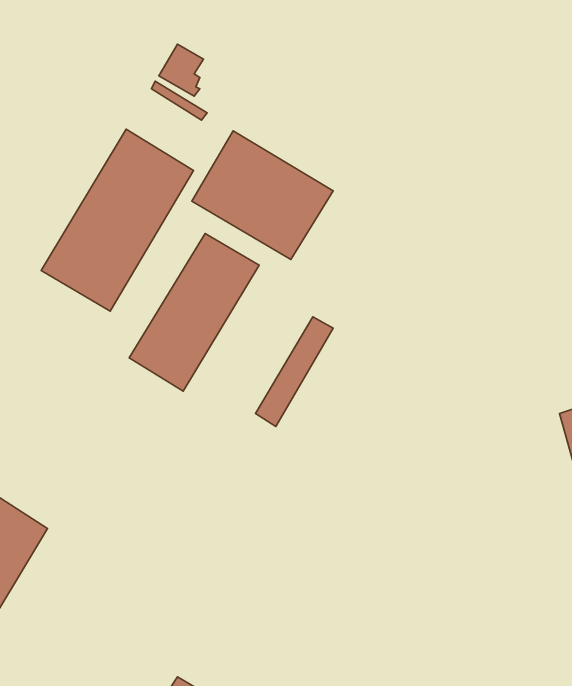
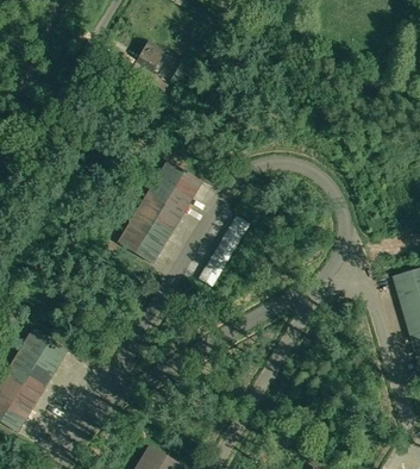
building: [41,129,193,311] -> none
building: [192,131,333,259] -> none

